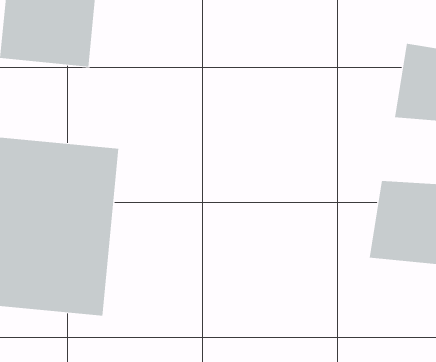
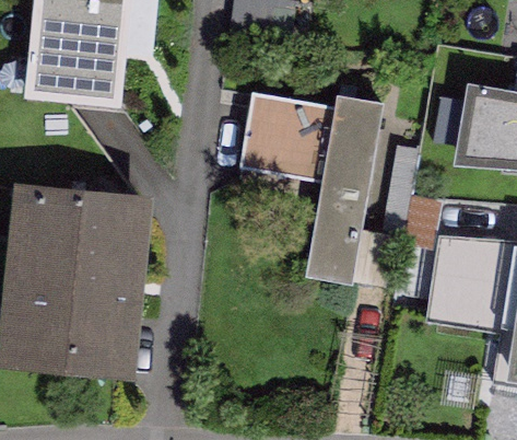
building: none -> [240,90,383,286]

